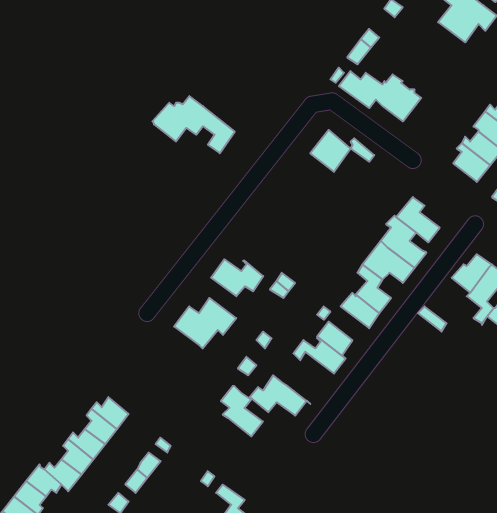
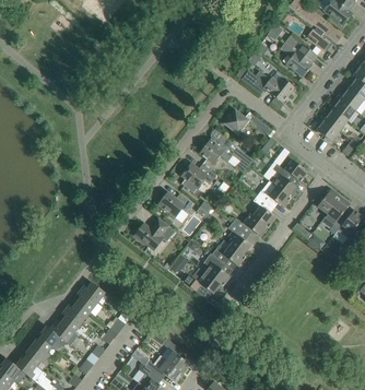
building: none -> [279,35,317,78]
building: [152,96,235,153] -> [200,135,254,173]
building: none -> [181,163,217,188]
building: [221,386,263,436] -> [203,253,231,286]

